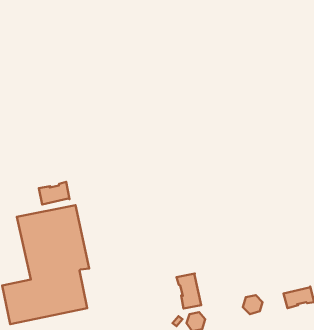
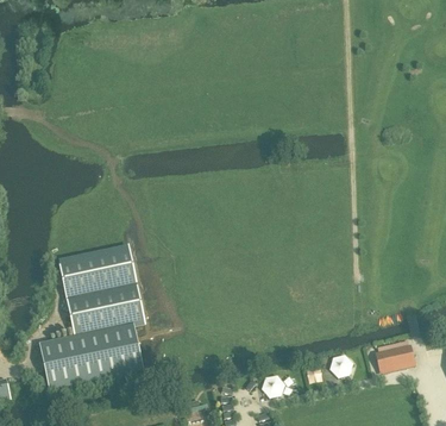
building: [39,182,70,204] -> none
building: [176,273,201,308] -> none

